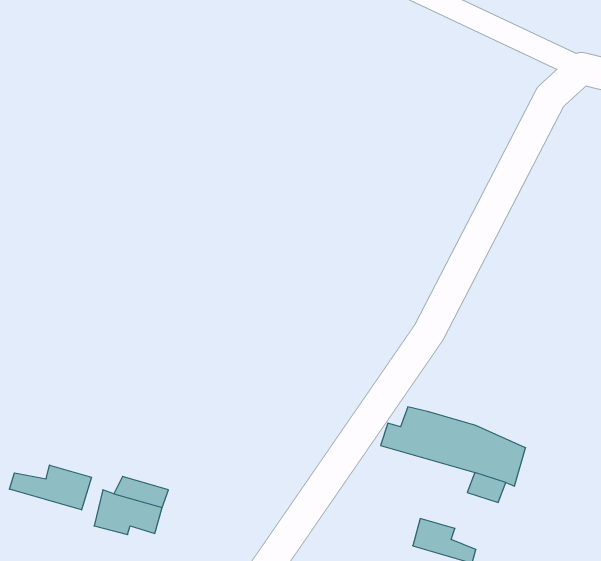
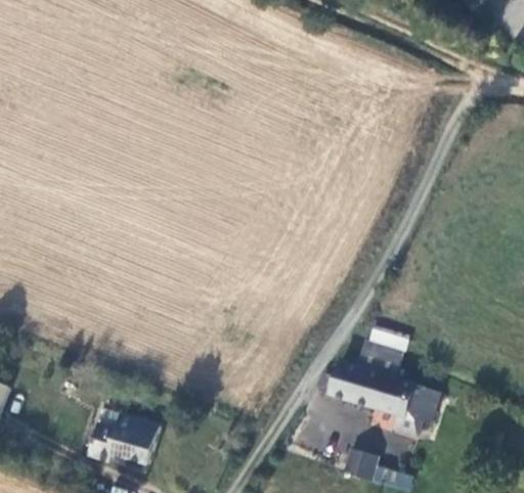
building: none -> [360,327,408,374]
building: [9,465,92,510] -> none

